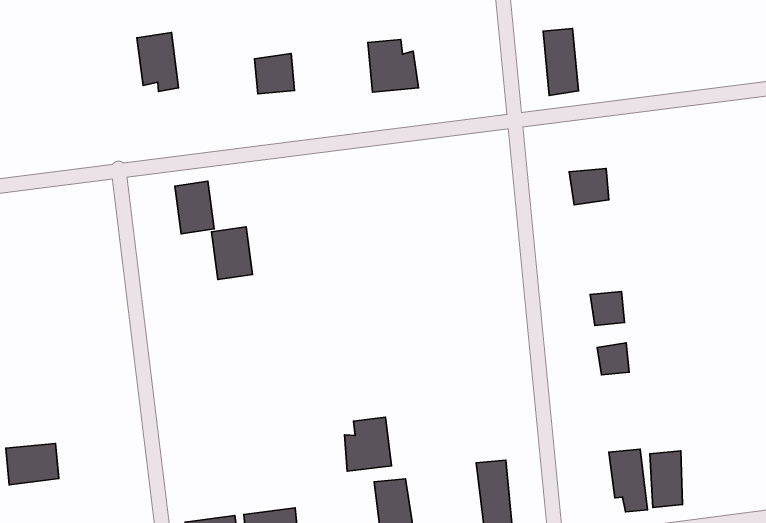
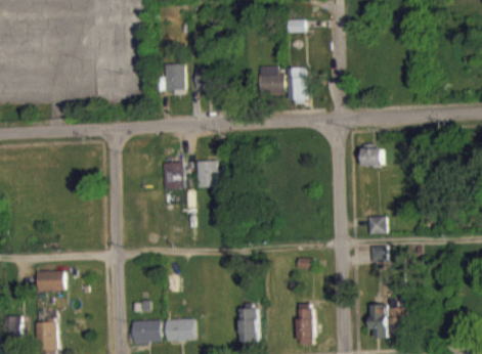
building: [543,28,578,96] -> [288,68,304,103]
building: [137,33,179,91] -> [163,63,183,95]
building: [175,181,214,234] -> [195,161,215,188]
building: [344,417,391,471] -> none

